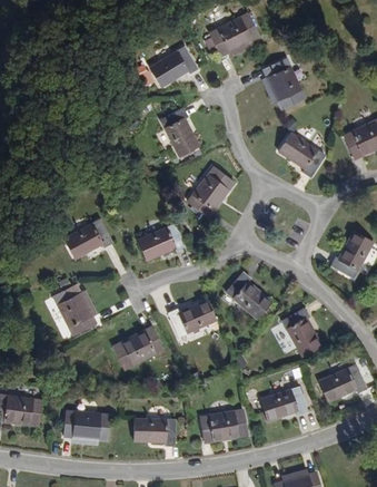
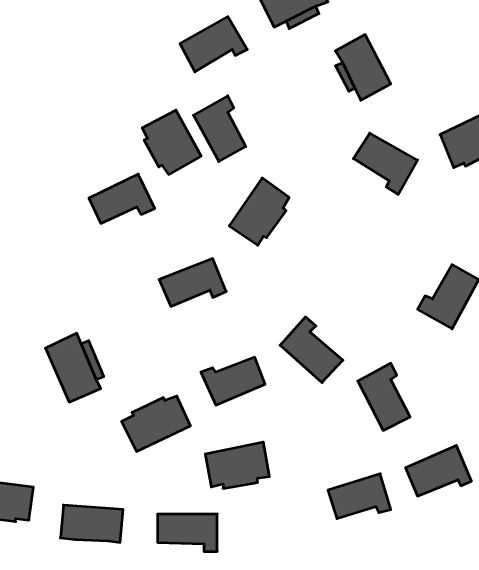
building: none -> [142,110,201,174]
building: [66,220,115,256] -> [89,174,155,223]
building: [198,408,246,442] -> [205,442,269,488]

